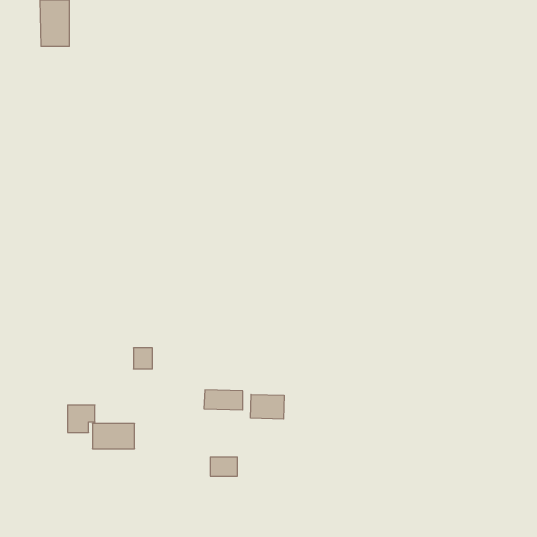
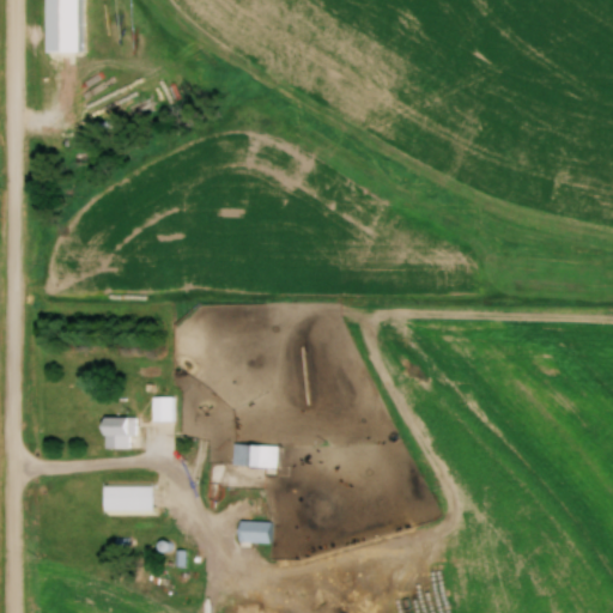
building: [251,394,284,419] -> none
building: [68,405,95,432] -> [104,418,135,449]

